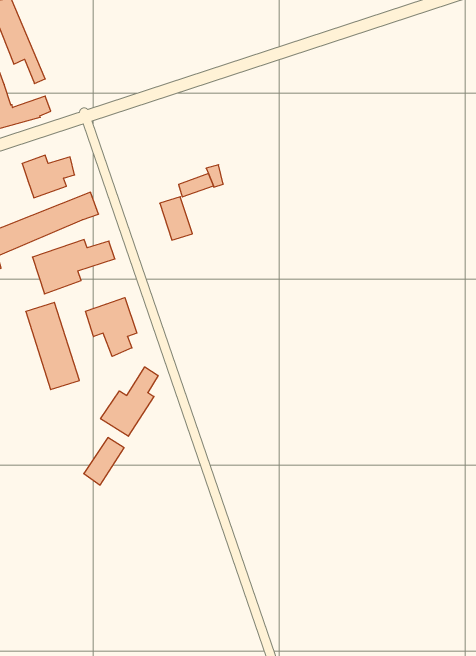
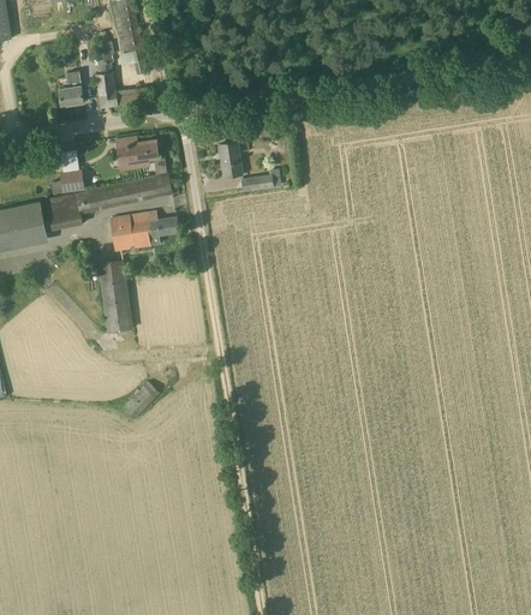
building: [160,197,192,240] -> [219,142,241,177]
building: [85,298,137,356] -> none
building: [101,367,158,436] -> none

